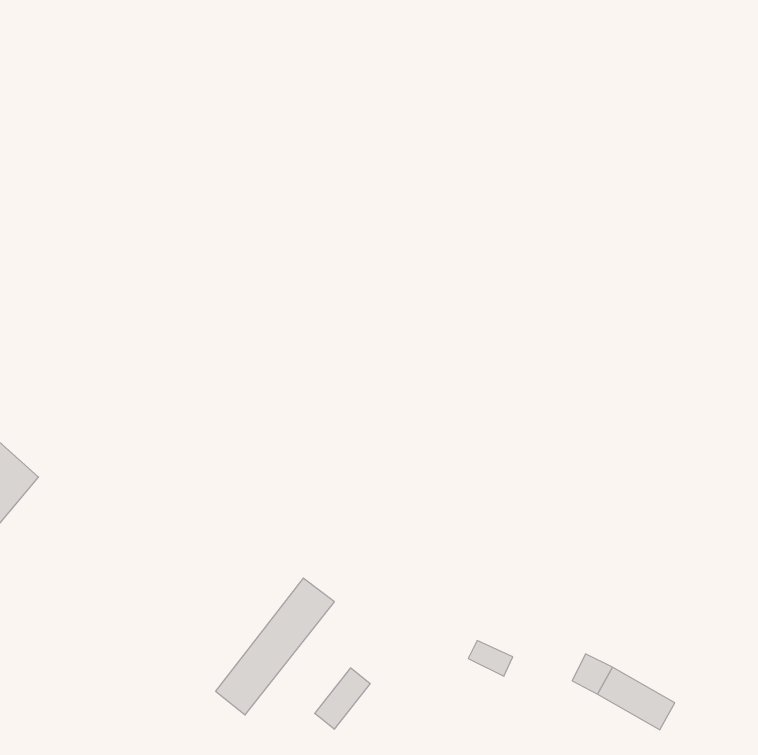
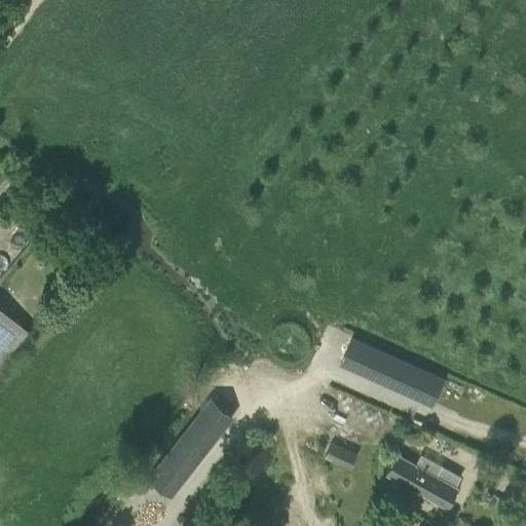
building: none -> [340,341,441,406]
building: [315,668,370,729] -> none

